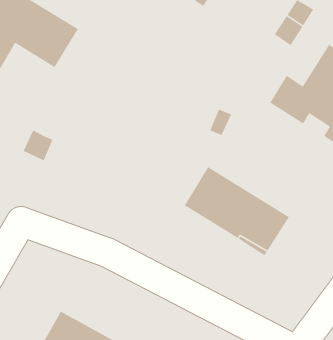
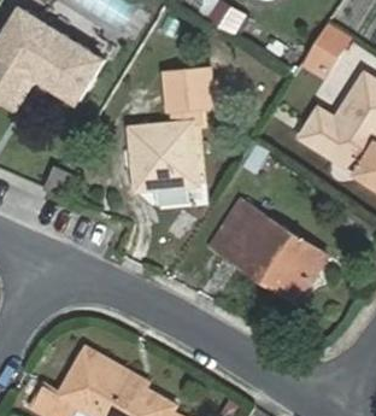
building: none -> [125,66,212,193]

